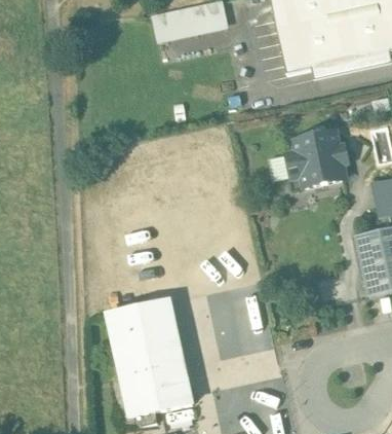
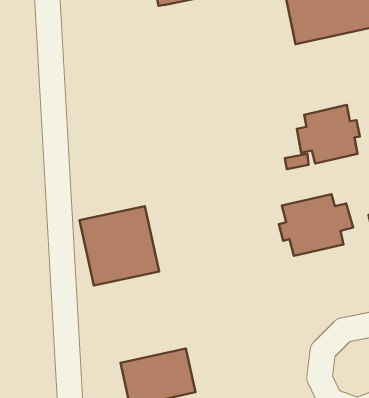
building: none -> [279,194,353,256]
building: [108,300,183,375] -> [80,206,159,286]

